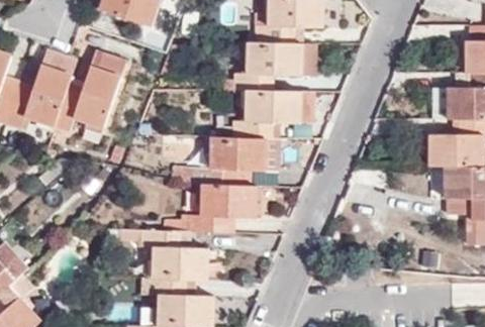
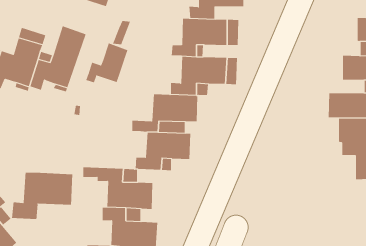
building: none -> [85,43,128,83]
building: none -> [12,172,73,220]

